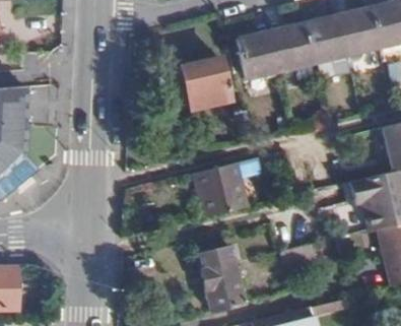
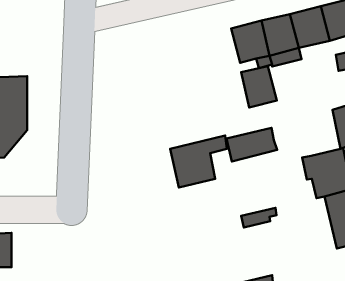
building: [238,34,278,81] -> [241,66,277,108]
building: [179,58,221,105] -> none
building: none -> [226,128,277,162]
building: [197,247,242,310] -> none

